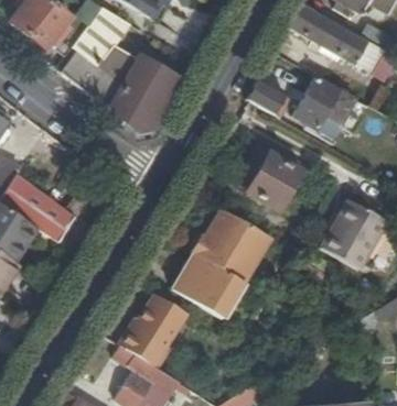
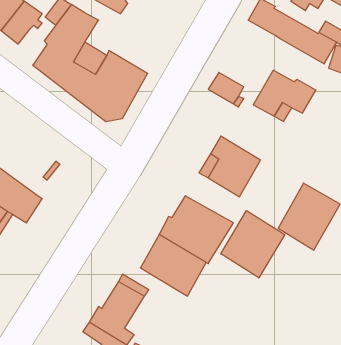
building: none -> [221,211,285,278]

